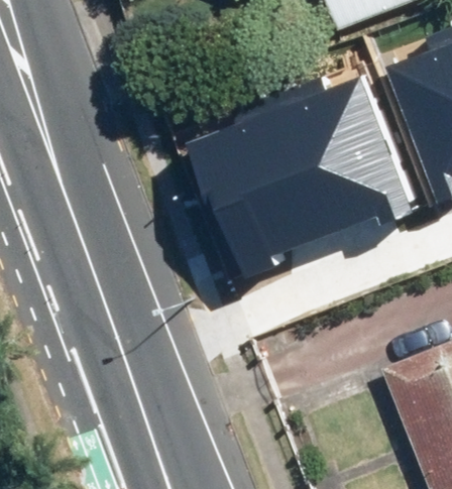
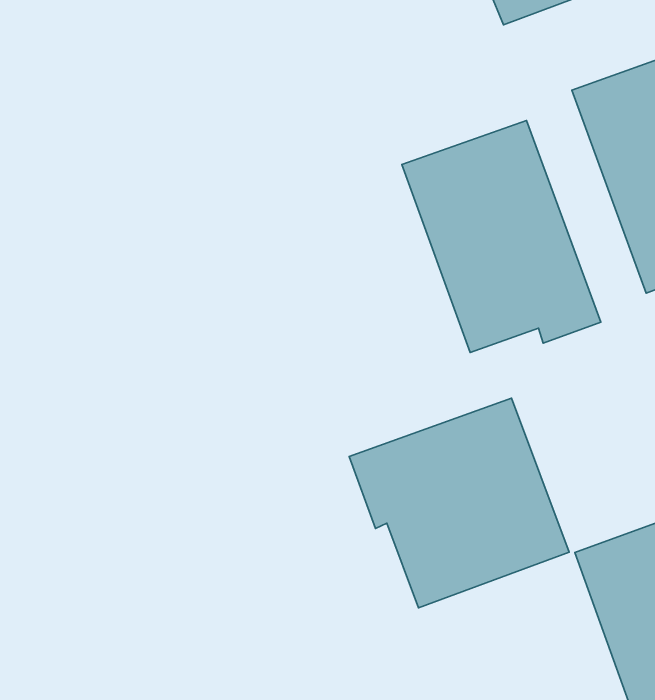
building: [195,112,322,276] -> none
building: none -> [349,398,569,608]

